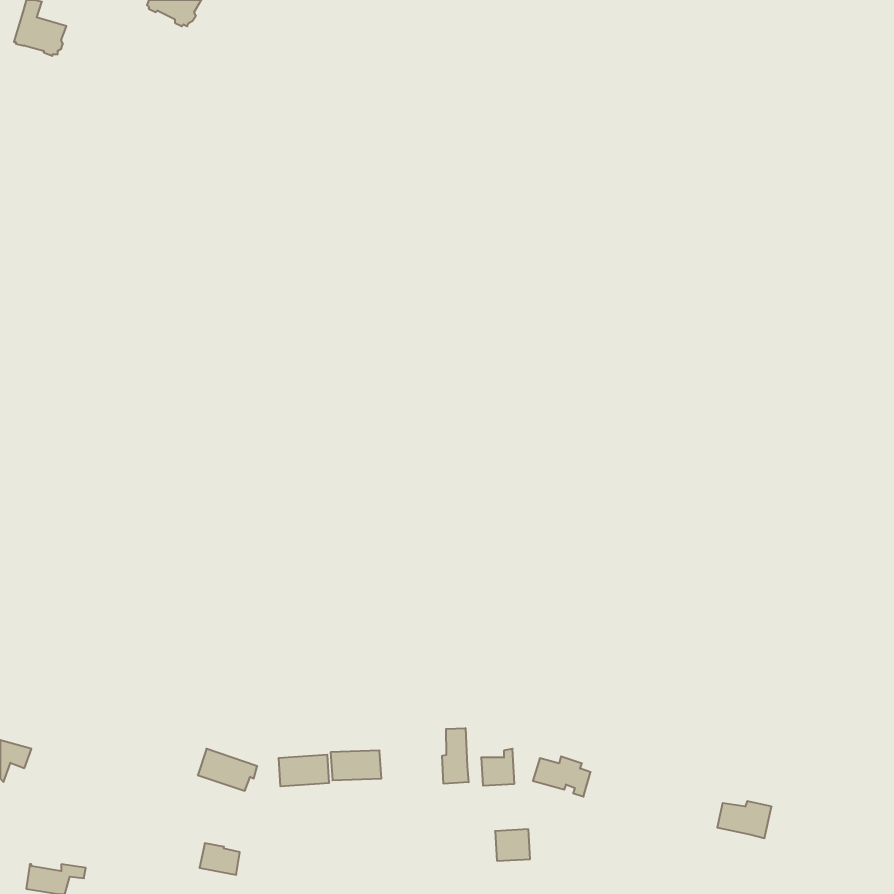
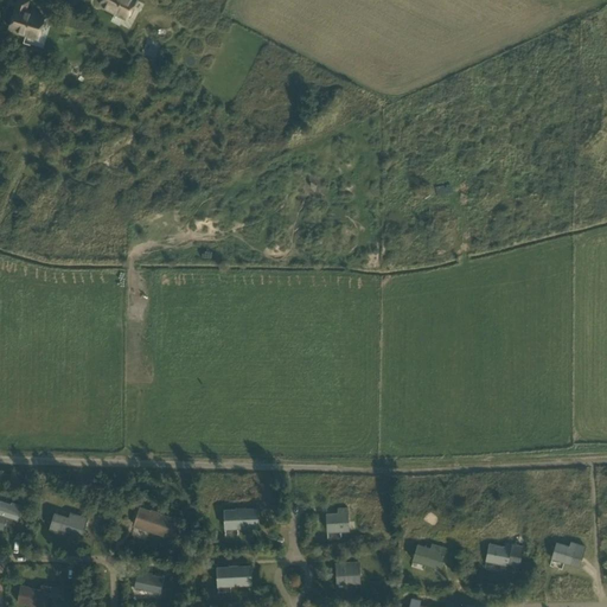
building: [442,728,469,784] -> none
building: [278,755,329,786] -> [217,566,251,587]
building: [533,756,591,797] -> [413,544,452,571]
building: none -> [50,513,88,536]
building: none -> [551,542,586,567]

